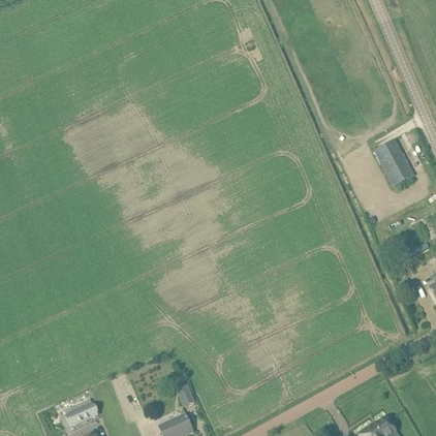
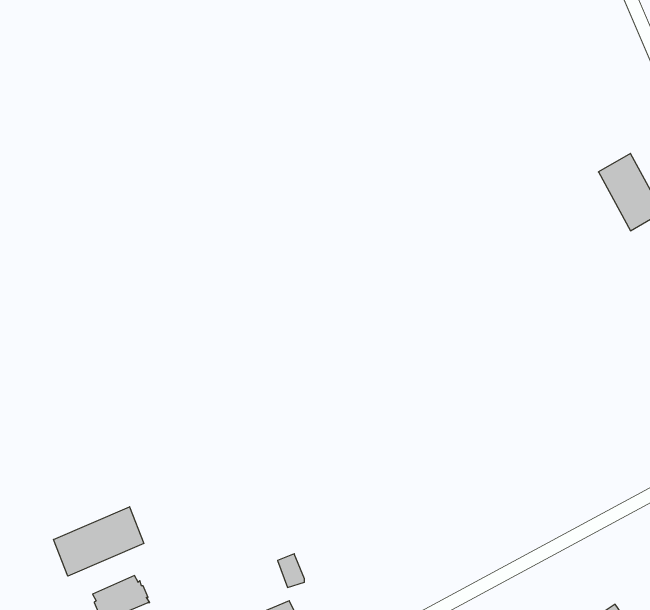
building: none -> [54,507,144,576]

